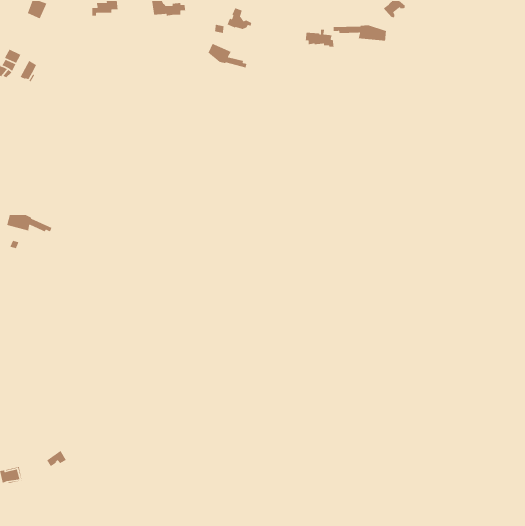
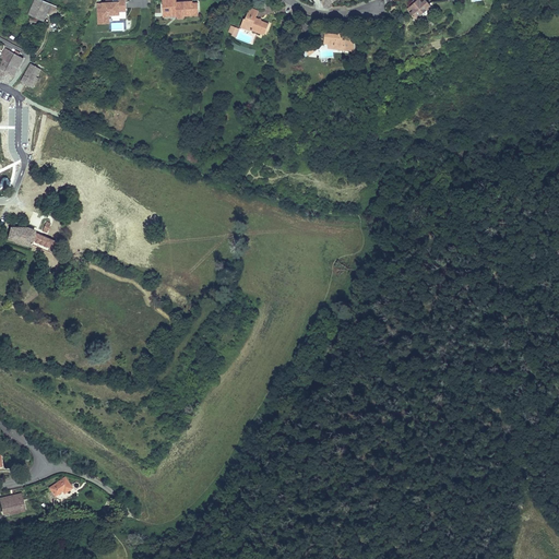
building: [333,25,387,42] -> none
building: [208,43,248,68] -> none

